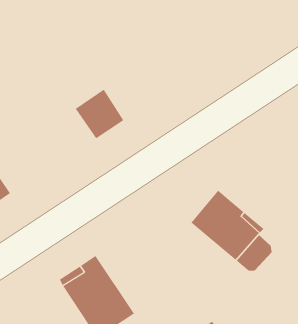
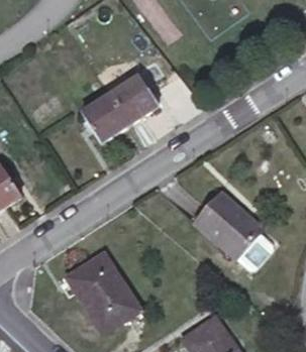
building: none -> [110,75,159,124]

